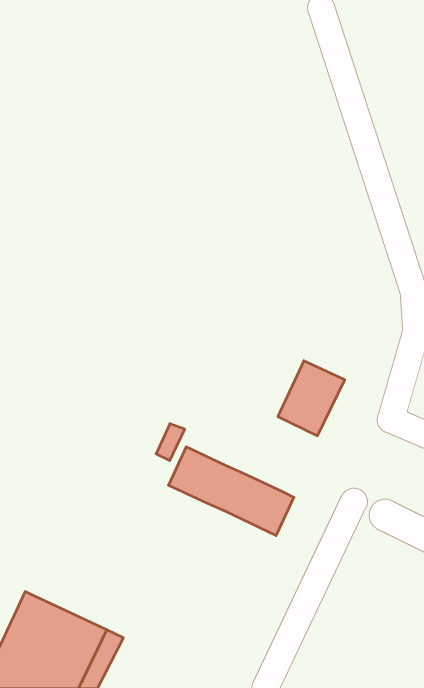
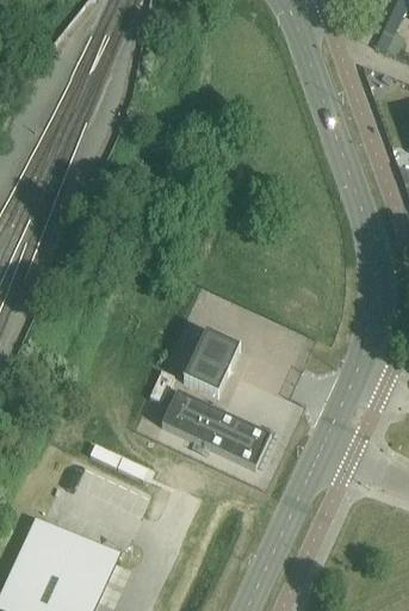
building: [278,361,345,436] -> [181,331,240,396]

